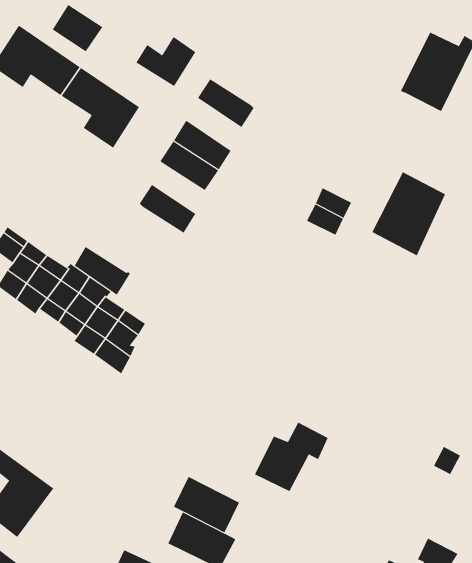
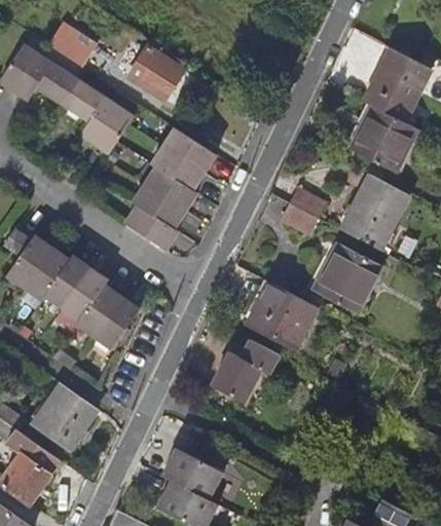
building: [197,78,255,128] -> [144,167,195,212]
building: none -> [355,104,416,171]
building: none -> [315,240,381,311]
building: [74,246,131,295] -> [125,205,177,250]
building: none -> [250,280,319,346]
building: none -> [30,385,95,452]
building: [254,422,329,492] -> [211,339,278,402]

